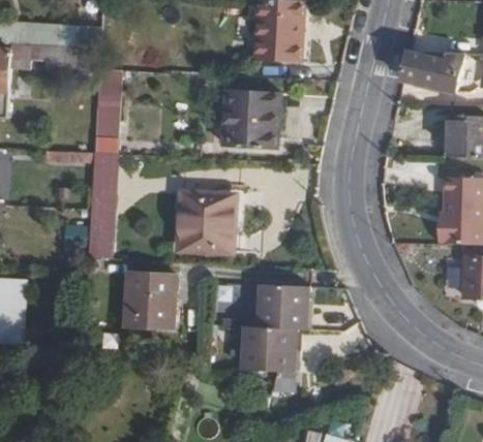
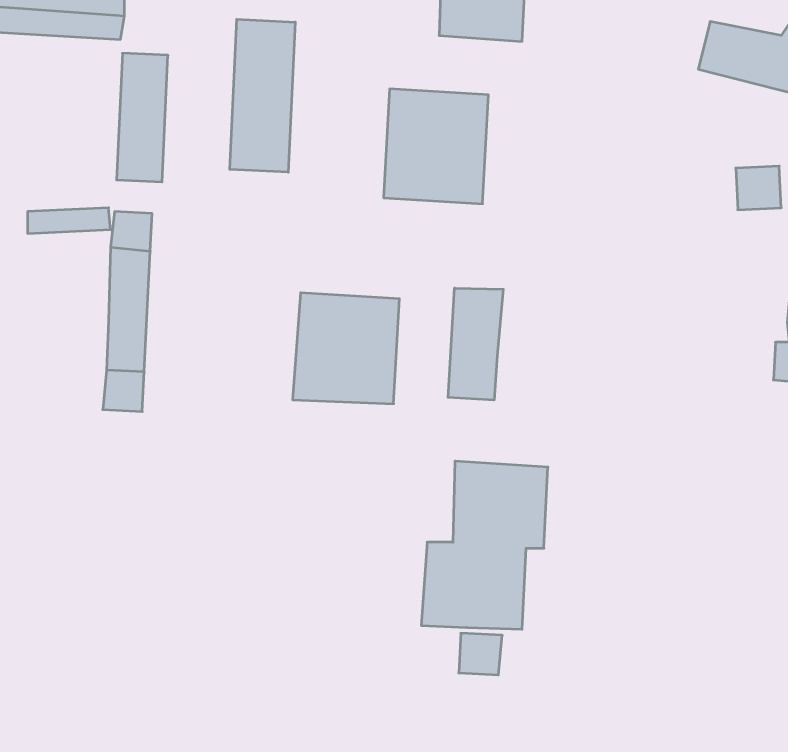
building: none -> [230,19,295,172]
building: none -> [448,288,503,400]
building: [124,270,172,324] -> none

